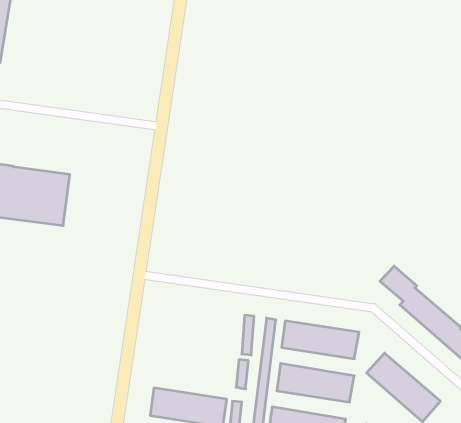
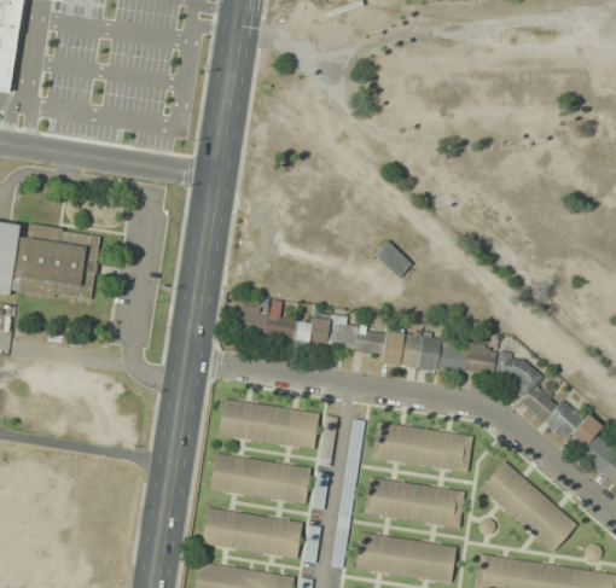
building: none -> [376,241,412,278]
building: none -> [238,305,291,337]
building: none -> [295,313,499,378]
building: none -> [219,400,318,448]
building: none -> [211,454,309,503]

